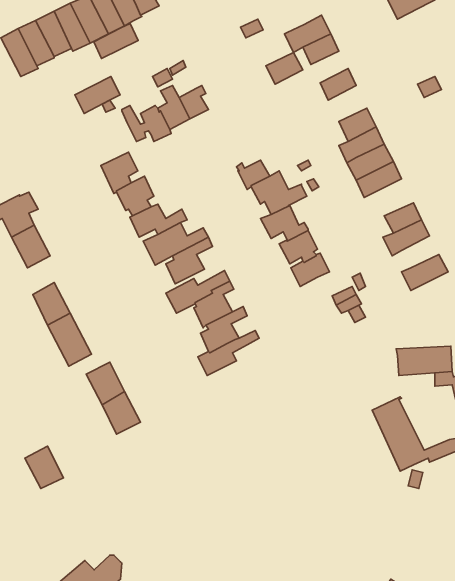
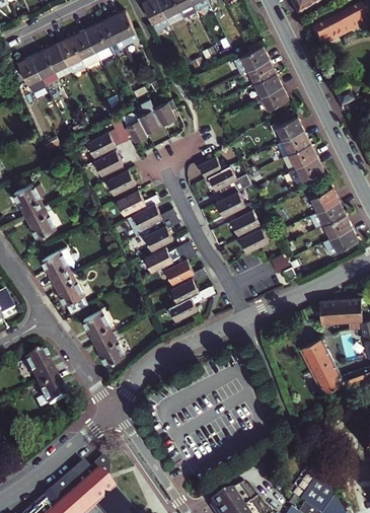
building: [94,24,138,59] -> none
building: [266,52,303,84] -> [254,73,283,97]
building: [75,76,120,114] -> [87,128,122,156]
building: none -> [323,214,352,238]
building: none -> [25,352,54,383]

